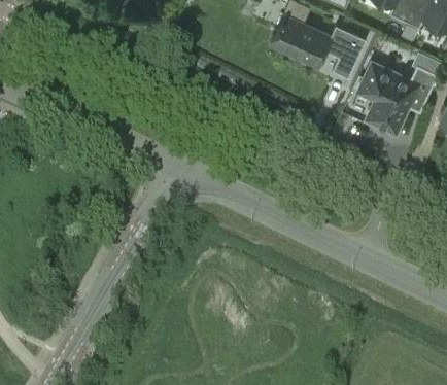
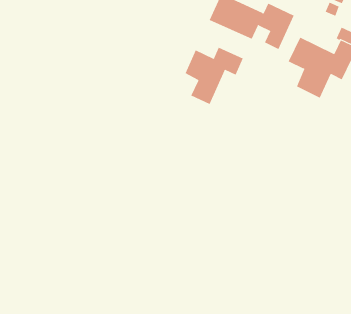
building: none -> [185,47,244,105]

